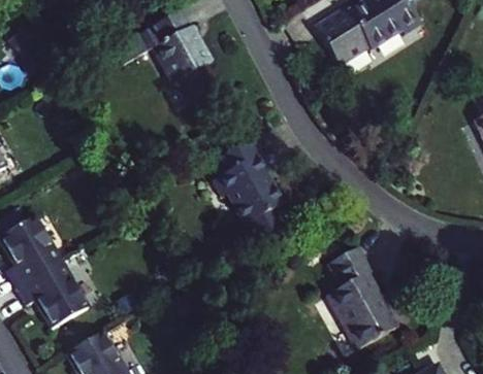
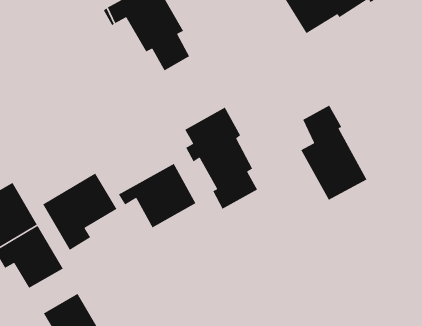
building: none -> [118,163,196,228]
building: none -> [42,173,117,251]
building: [329,247,398,346] -> [300,105,367,201]

